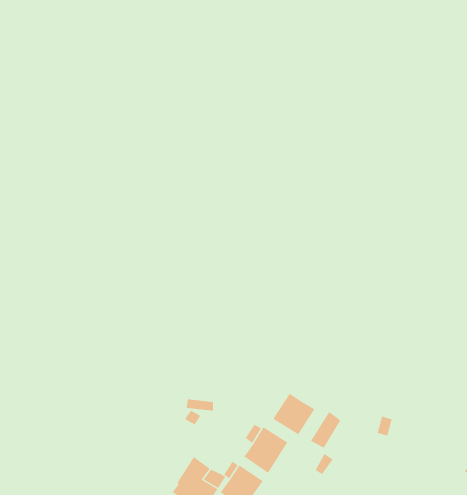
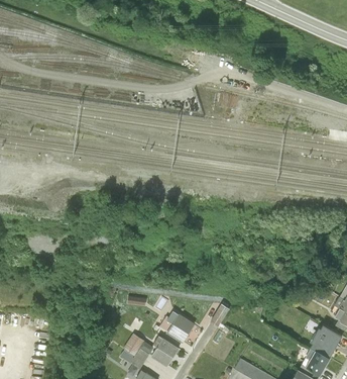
building: [273,392,315,436] -> none

